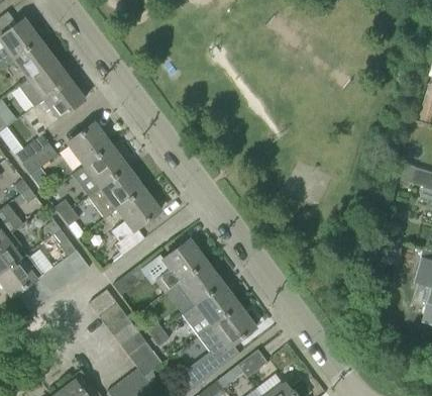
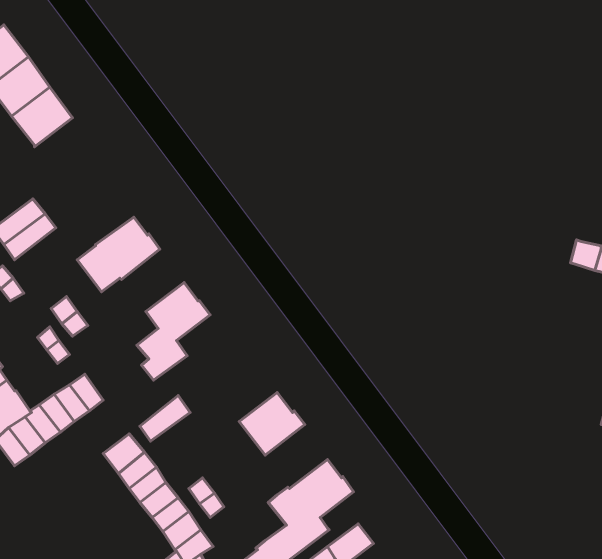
building: [27,81,84,130] -> none
building: [68,123,109,165] -> none
building: [88,168,142,218] -> none
building: [154,240,204,293] -> none
building: [182,284,237,335] -> none

